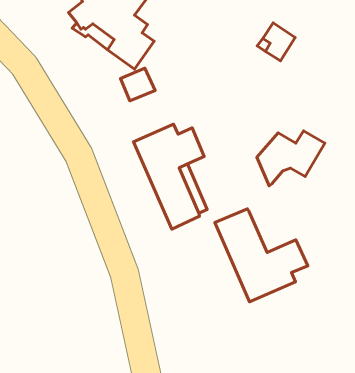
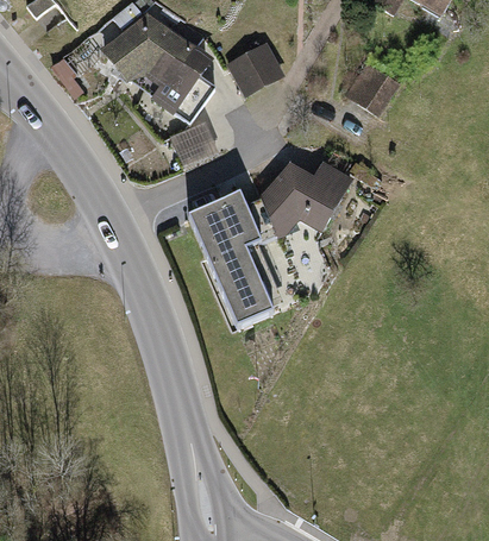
building: none -> [227,42,281,92]
building: [257,131,325,186] -> [263,164,350,234]
building: [215,209,308,302] -> none

